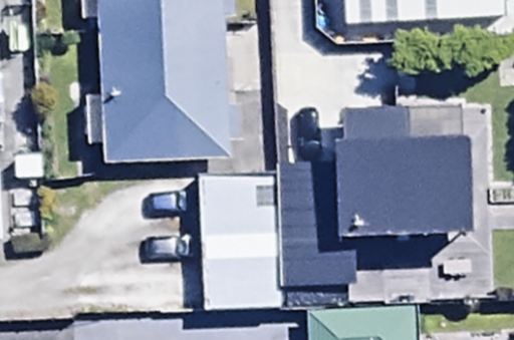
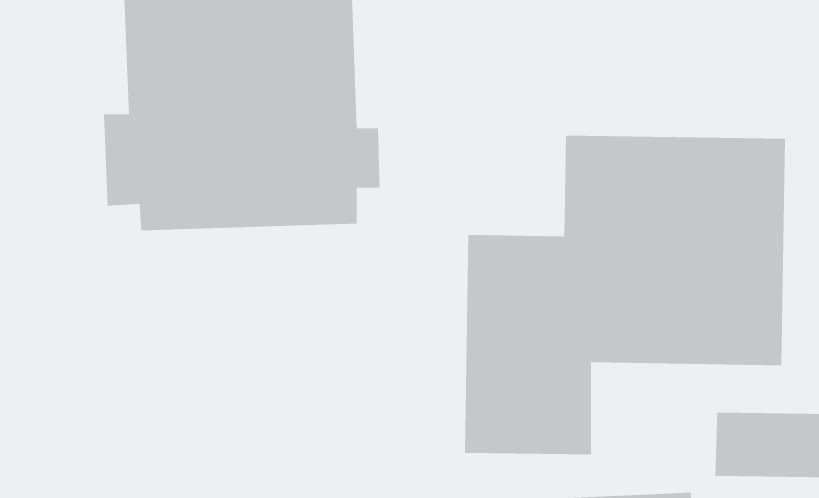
building: [203,175,278,307] -> none

